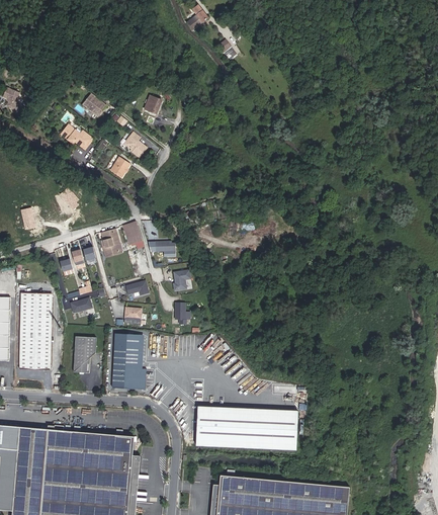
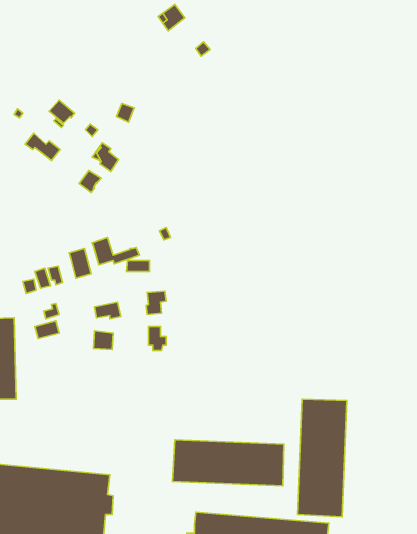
building: [112,333,145,387] -> none
building: [73,336,96,373] -> none
building: none -> [297,399,347,517]

